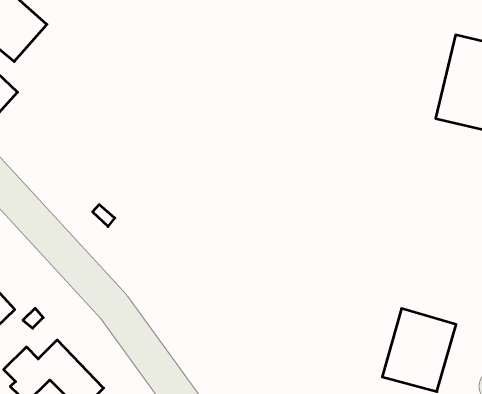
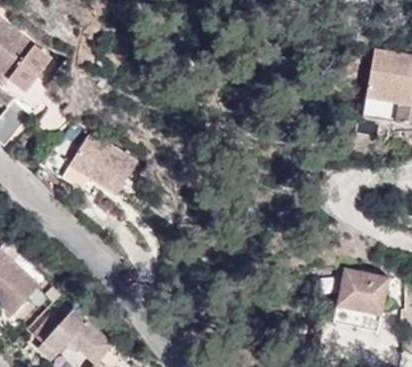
building: none -> [69,131,137,194]

